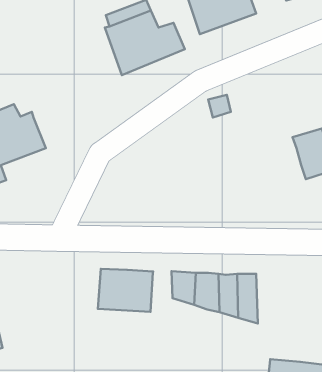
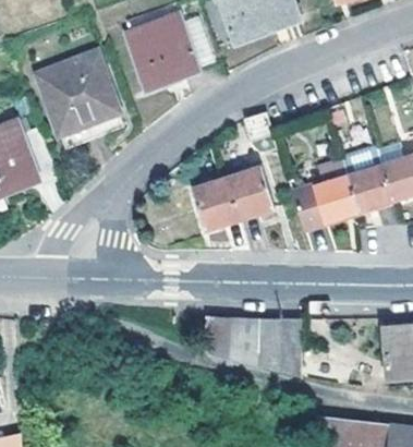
building: none -> [37,51,122,148]
building: none -> [190,164,272,227]
building: none -> [291,173,357,226]
building: [98,269,153,312] -> none

